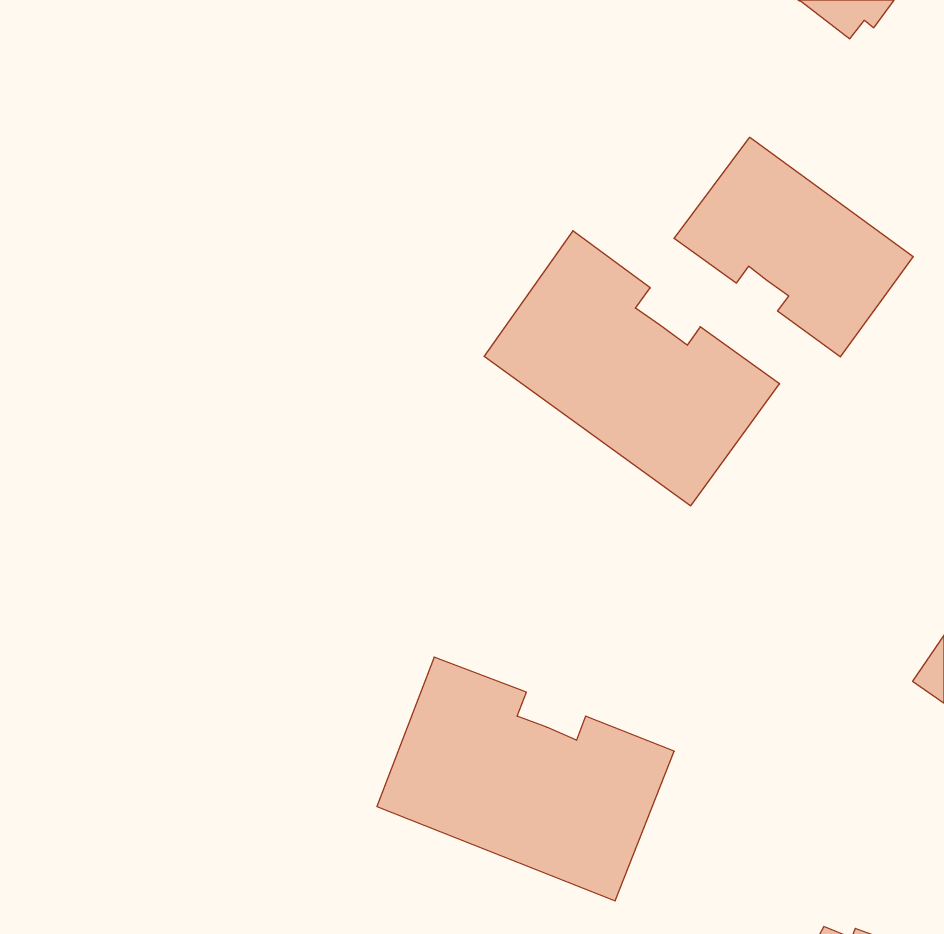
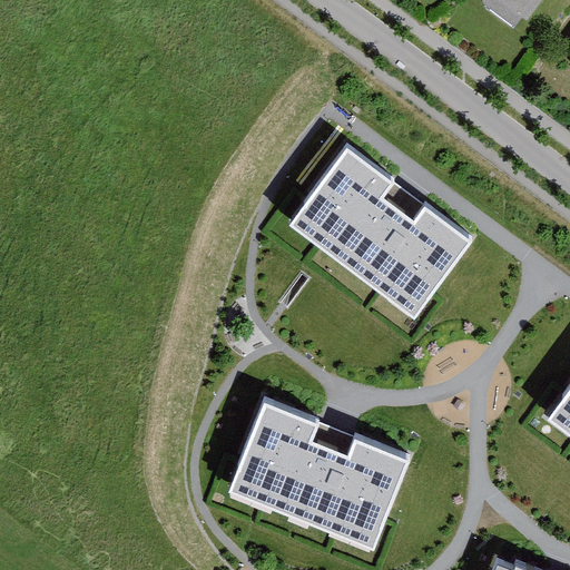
building: [674,137,913,357] -> none

